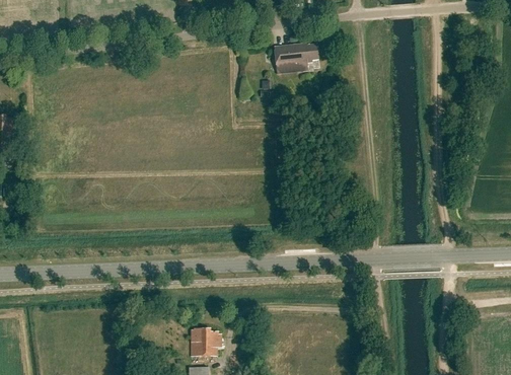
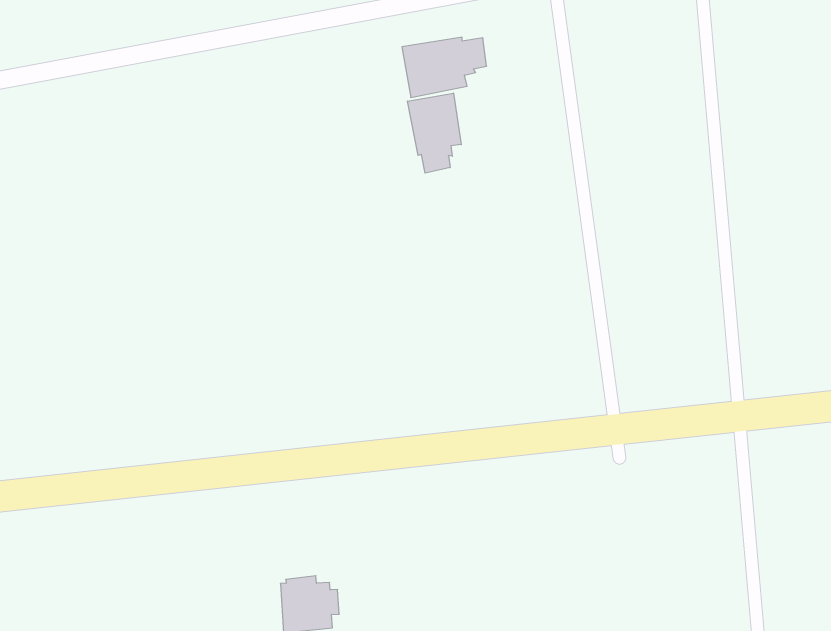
building: none -> [408,93,461,173]

